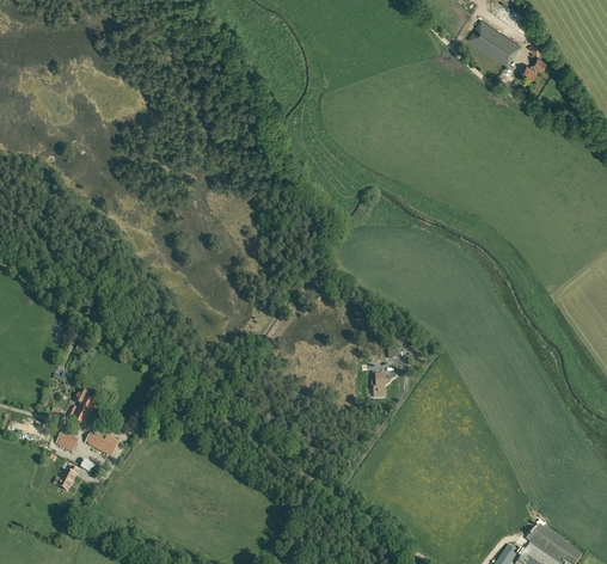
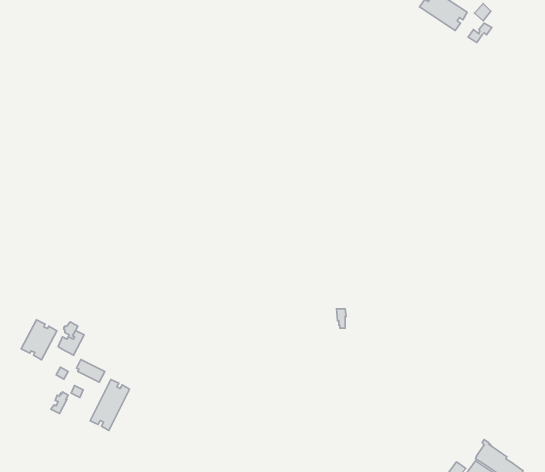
building: none -> [21,320,57,360]
building: none -> [90,379,129,430]

